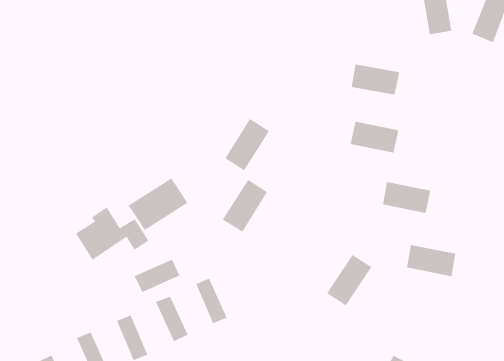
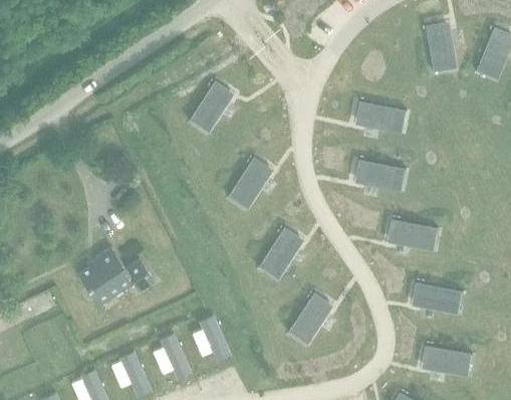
building: none -> [189,80,234,133]
building: [128,177,188,231] -> none
building: [222,179,268,232] -> [257,227,303,280]
building: [326,254,372,306] -> [287,293,333,346]
building: [134,259,180,293] -> none
building: none -> [422,346,471,377]

